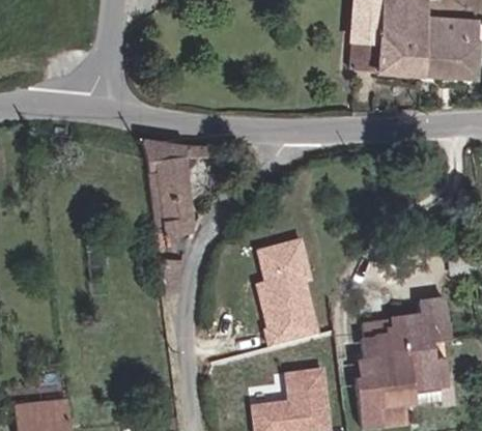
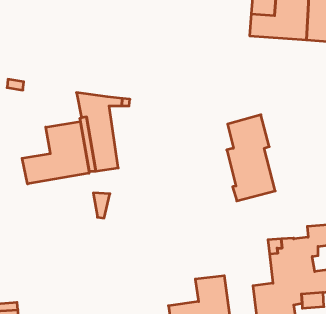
building: none -> [22,121,89,184]
building: [257,236,317,343] -> [227,115,275,201]

